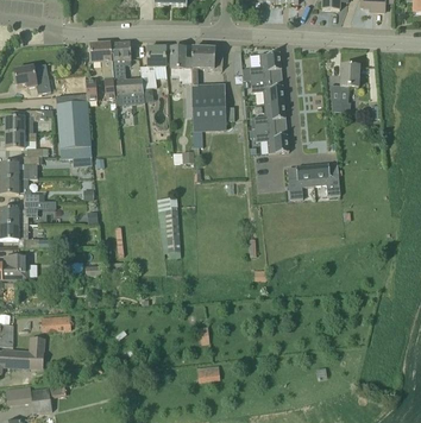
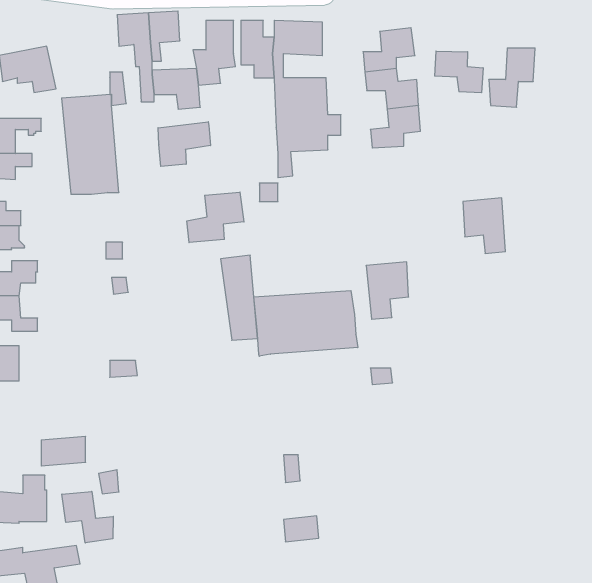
building: none -> [435,51,483,93]
building: none -> [158,122,210,166]
building: [255,127,289,153] -> none
building: none -> [187,192,244,243]
building: [287,163,314,200] -> [366,262,409,319]
building: none -> [254,291,358,356]
building: none -> [62,491,113,543]

